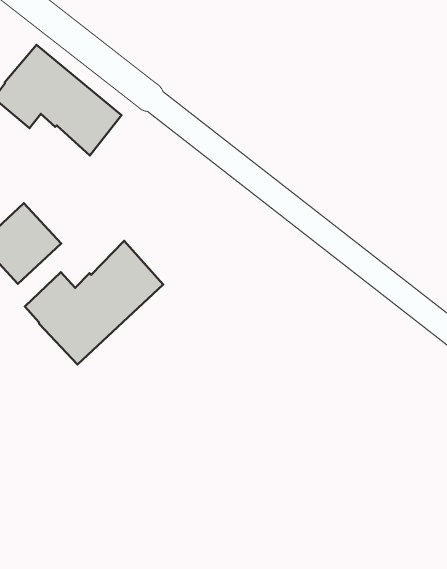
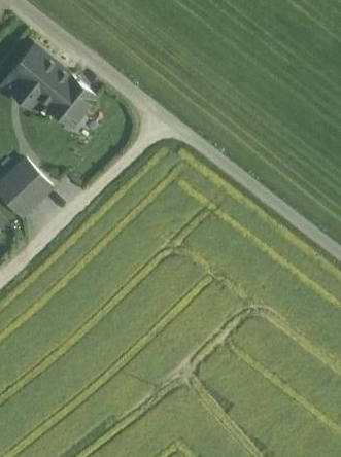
building: [25,241,163,364] -> none

